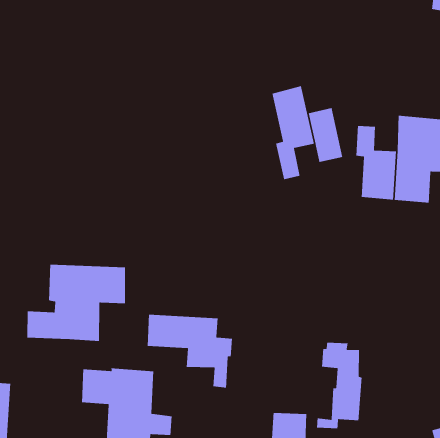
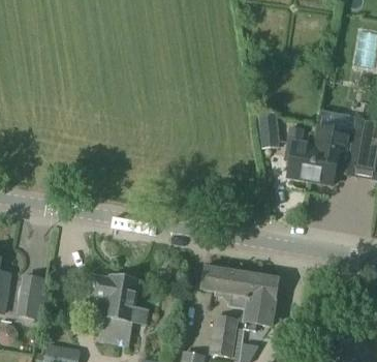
building: [272,85,315,180] -> none
building: [26,264,126,342] -> none
building: [147,314,233,388] -> [203,267,261,322]

